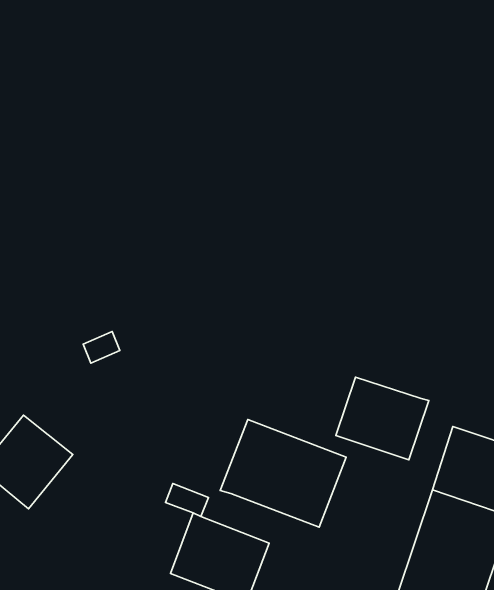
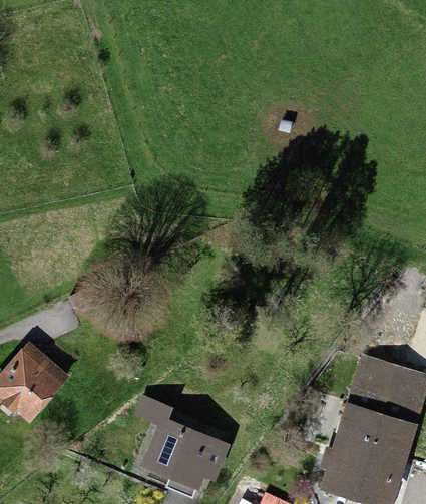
building: [336,377,429,460] -> none
building: [220,420,346,527] -> none

